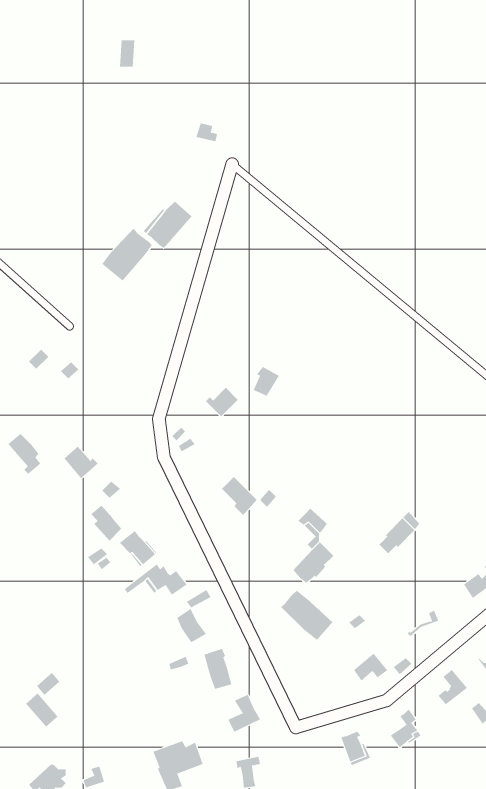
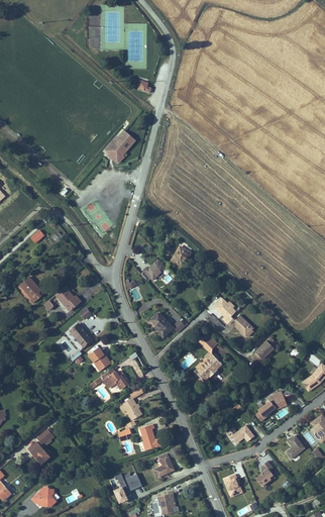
building: [102,228,153,281] -> none
building: none -> [212,296,251,333]
building: [280,590,333,641] -> none

